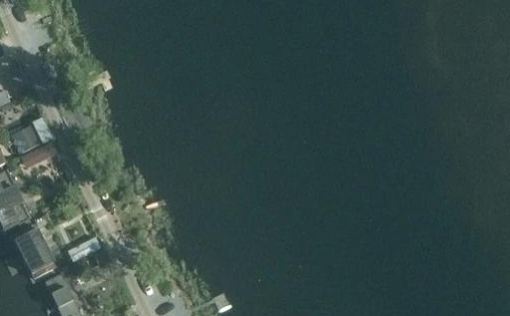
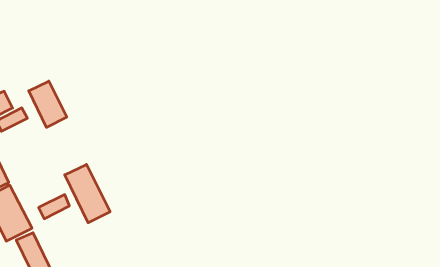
building: none -> [29,81,67,127]
building: none -> [65,164,110,223]

